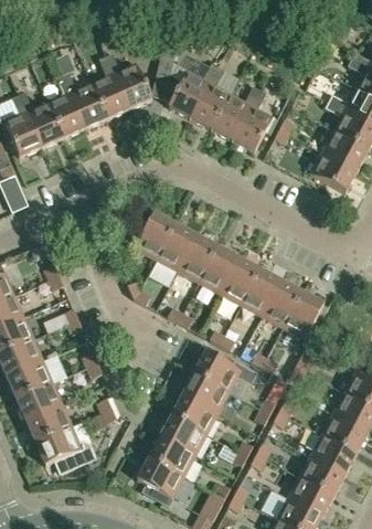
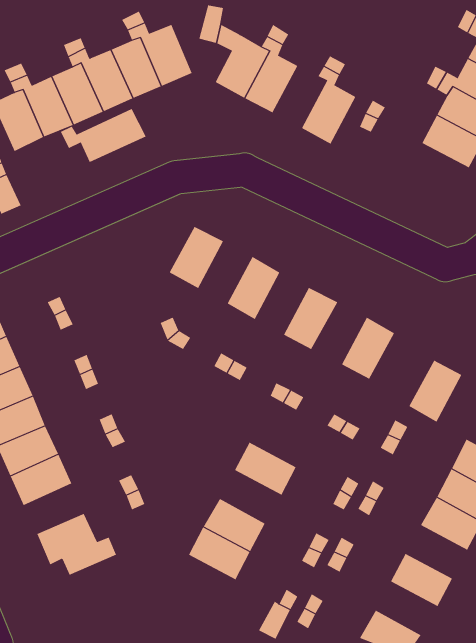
building: [211,94,251,140] -> none
building: none -> [60,108,147,163]
building: [309,151,357,192] -> none
building: [156,224,195,271] -> none
building: [198,247,237,294] -> none
building: [240,269,280,316] -> none
building: [283,293,322,339] -> [409,360,462,422]
building: [193,351,256,392] -> none
building: [171,394,217,434] -> none
building: [25,404,71,442] -> none
building: [309,435,355,475] -> none
building: [137,457,183,505] -> none
building: [287,477,333,517] -> none

